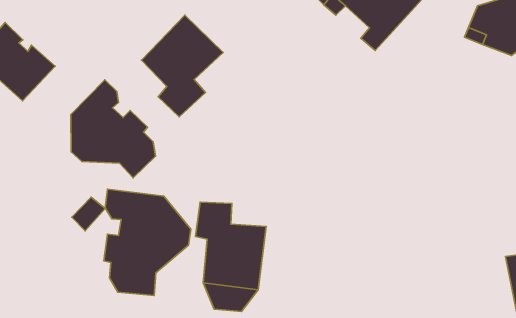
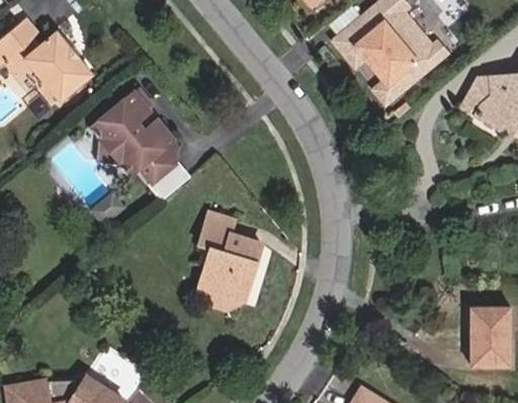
building: [141,15,223,117] -> none
building: [104,189,191,295] -> none

